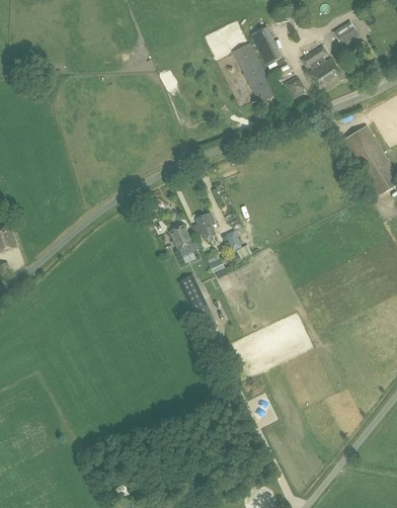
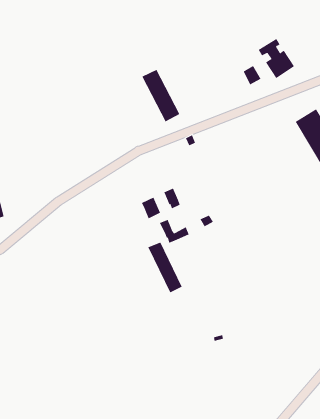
building: [332,20,360,48] -> none
building: [250,26,282,64] -> none
building: [232,43,275,102] -> [142,69,180,122]

